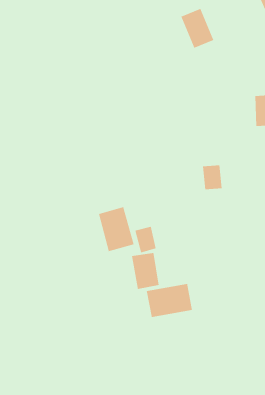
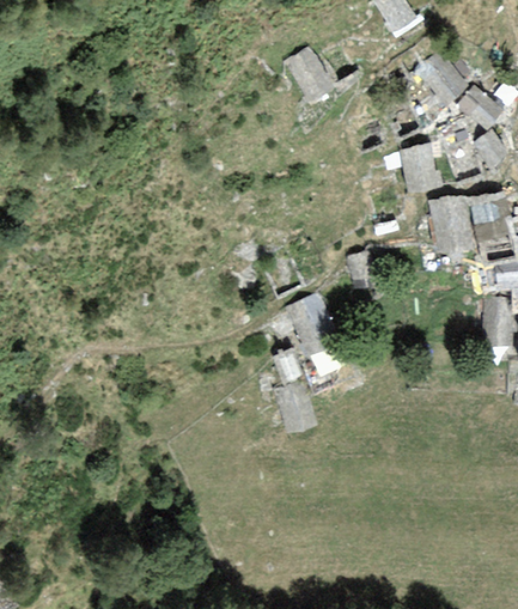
building: [98,207,135,252] -> [286,292,341,355]
building: [146,283,193,318] -> none

